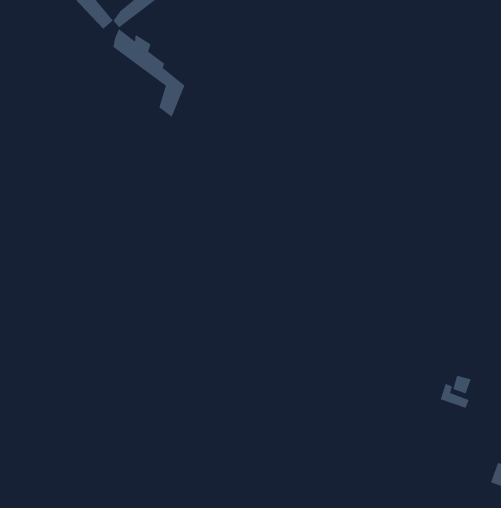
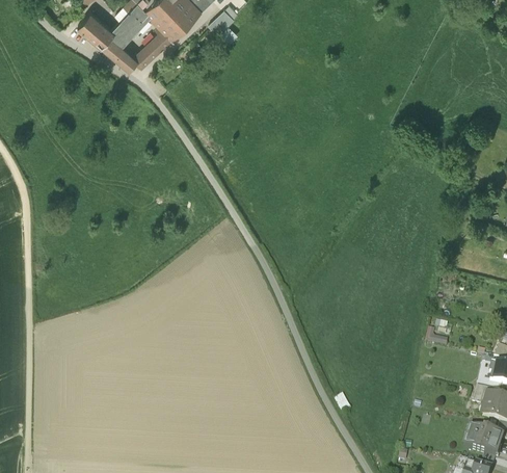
building: [113,28,185,118] -> none

